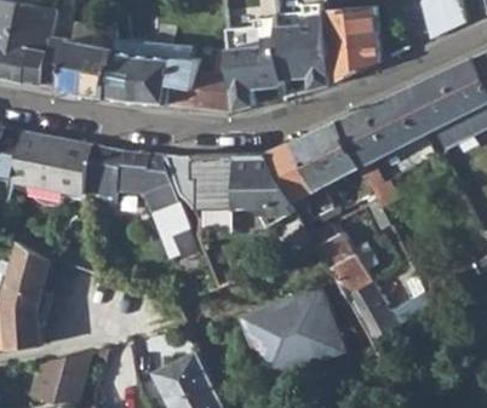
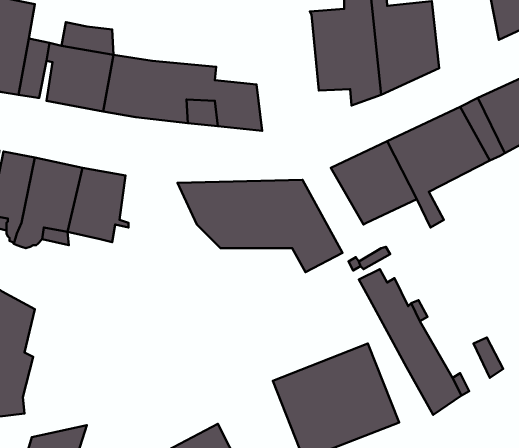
building: [227,18,281,113] -> none
building: [268,143,317,212] -> none
building: [119,149,206,254] -> none

